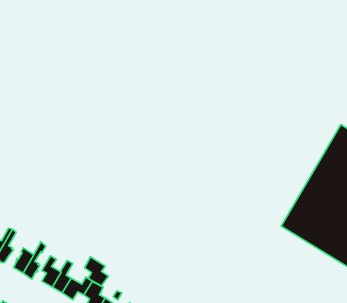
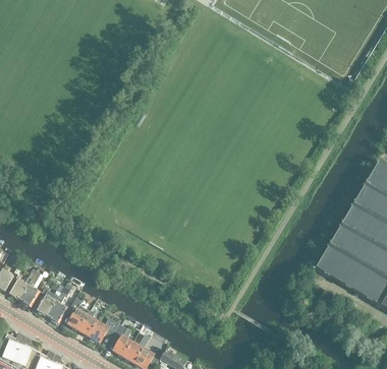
building: [84,257,108,286] -> none

